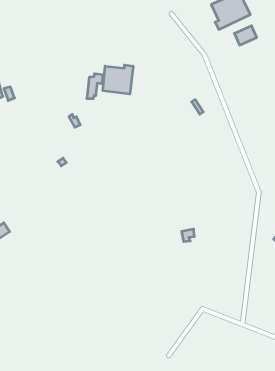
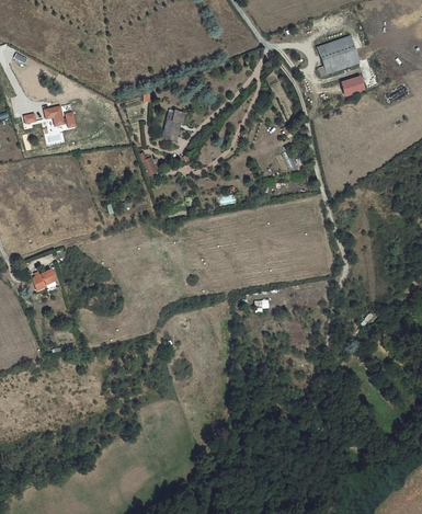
building: [103,65,133,94] -> none

